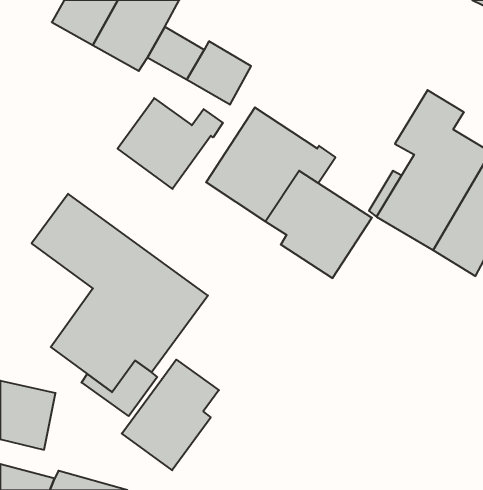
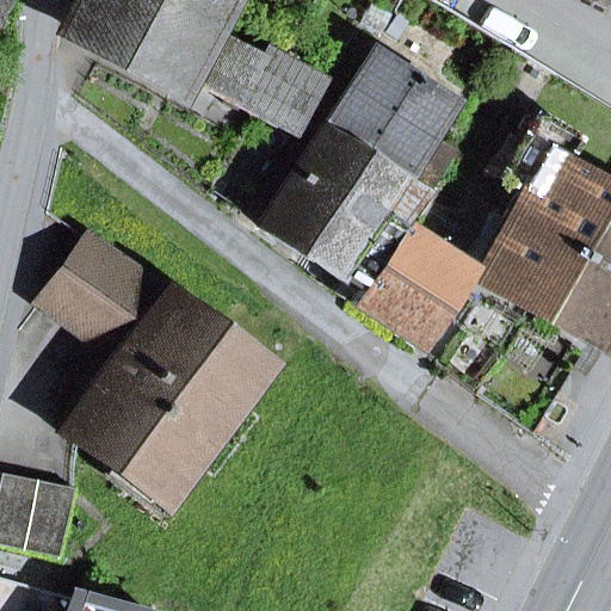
building: none -> [326,51,458,185]
building: [118,98,223,189] -> none
building: [122,360,219,470] -> none

